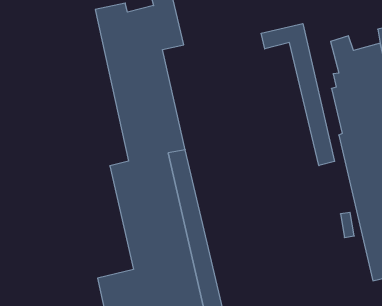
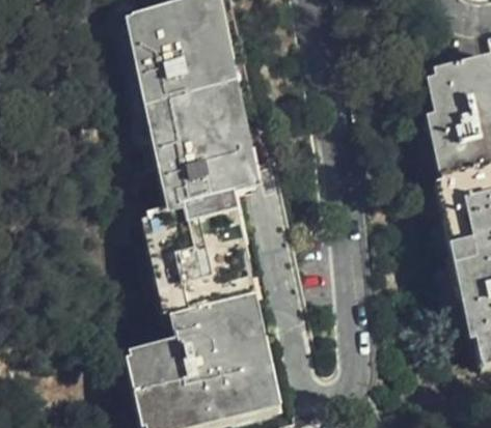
building: [261,24,335,166] -> none
building: none -> [209,59,266,193]

